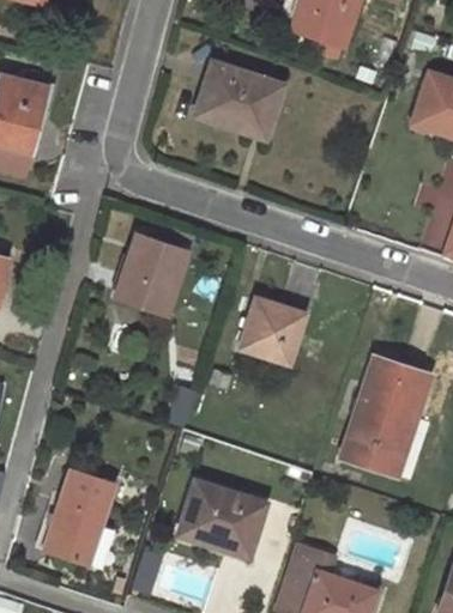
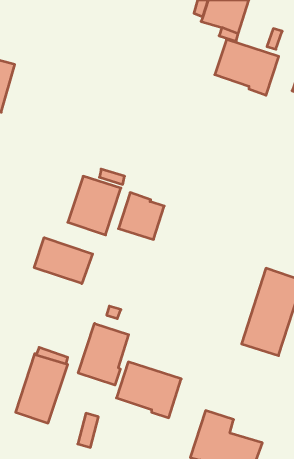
building: [199,63,284,138] -> [215,39,279,95]
building: [242,299,303,362] -> [118,193,164,239]
building: none -> [34,238,93,284]
building: none -> [78,323,129,385]

